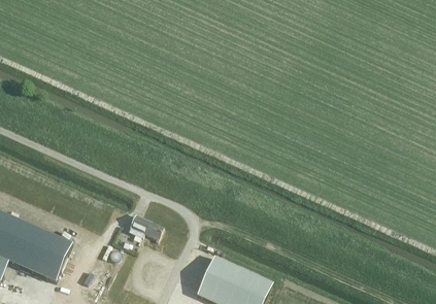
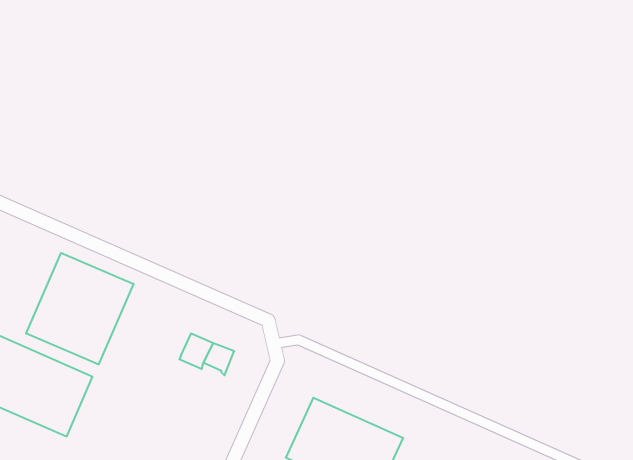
building: none -> [26,253,134,364]

